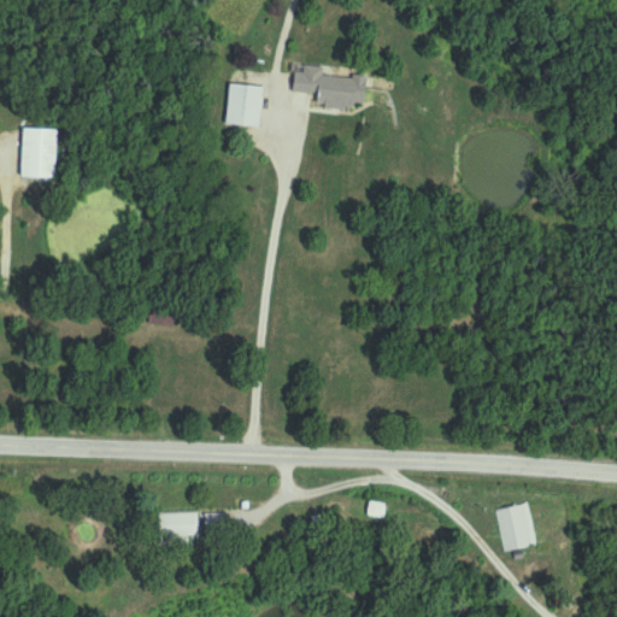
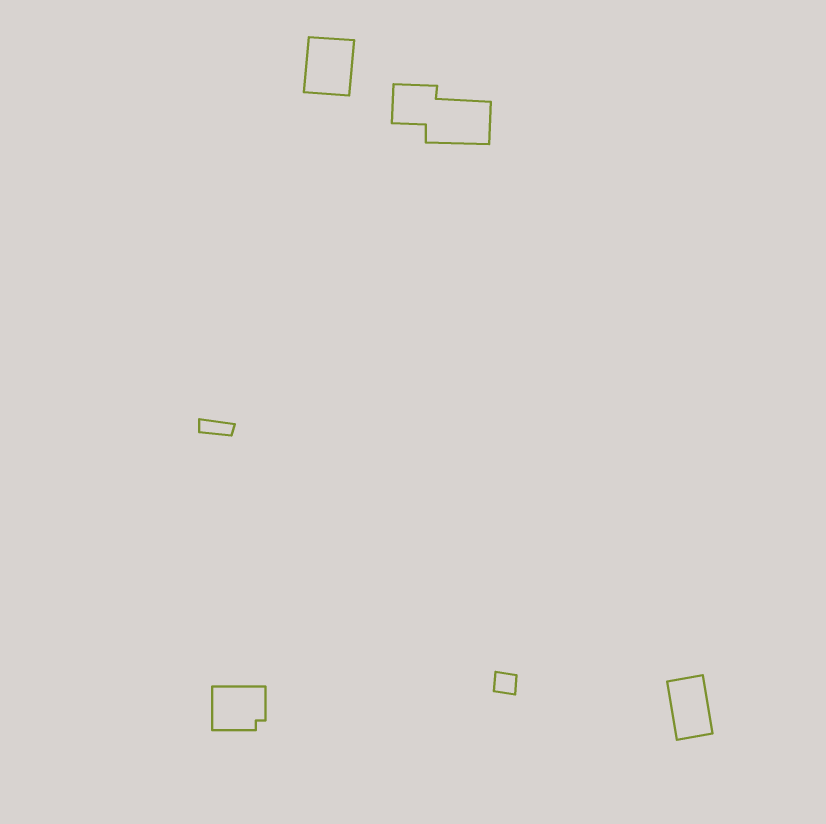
building: [225,83,263,127] -> [304,37,354,95]
building: [22,129,55,177] -> none

